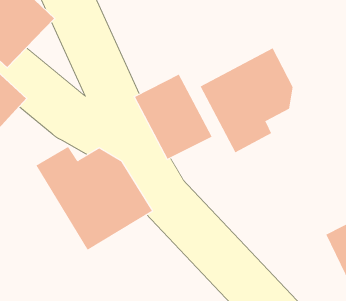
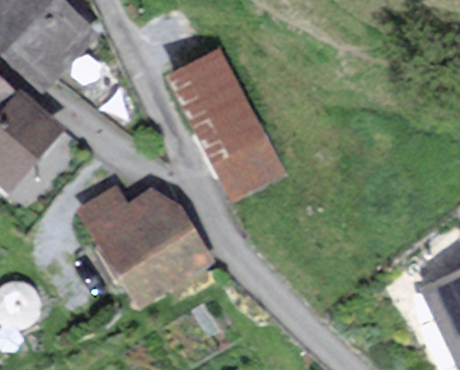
building: none -> [166,47,246,126]
building: [200,47,293,153] -> none

